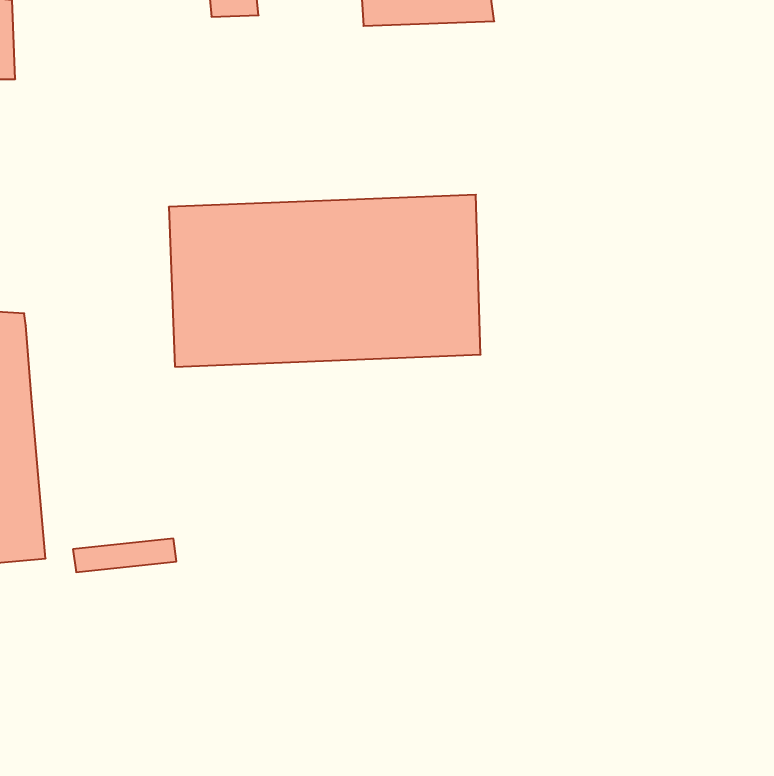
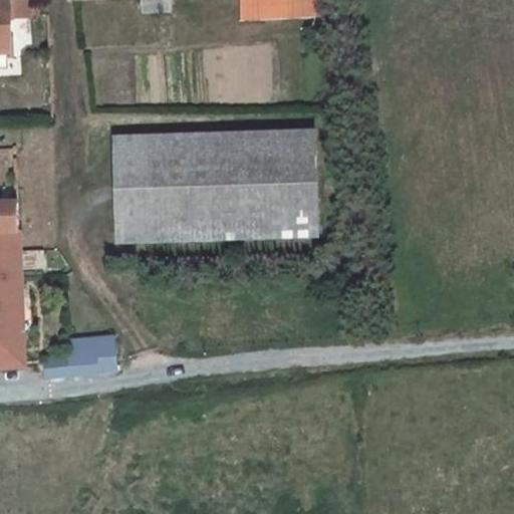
building: none -> [47,335,114,362]

